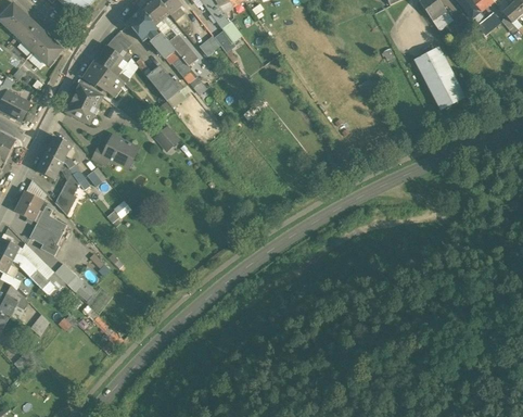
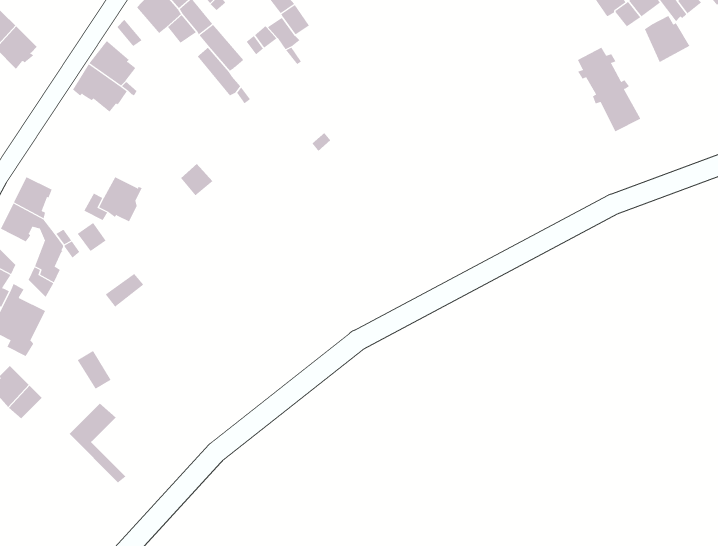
building: none -> [644,15,690,63]
building: [146,64,179,100] -> none
building: [65,84,102,123] -> none

